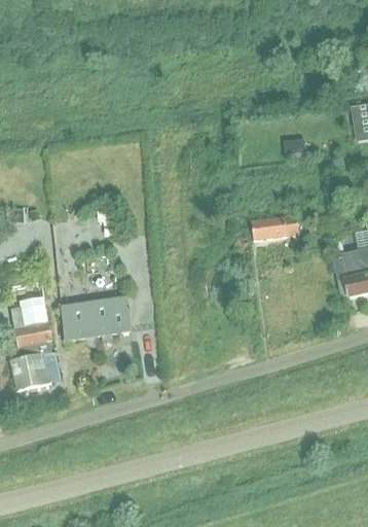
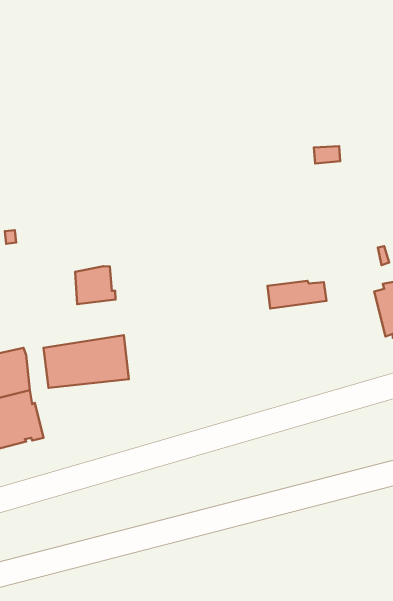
building: [251,216,299,239] -> [268,281,326,308]
building: none -> [75,266,116,304]

